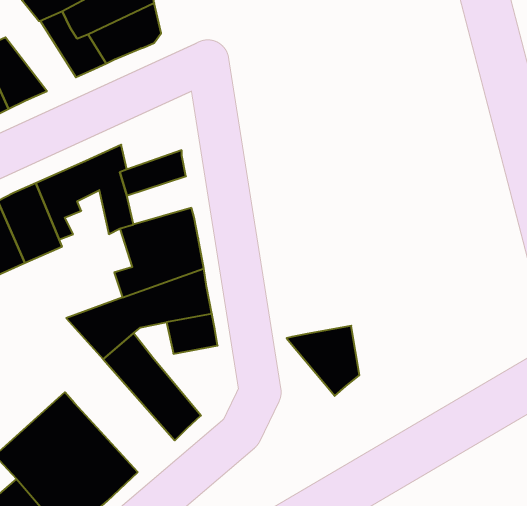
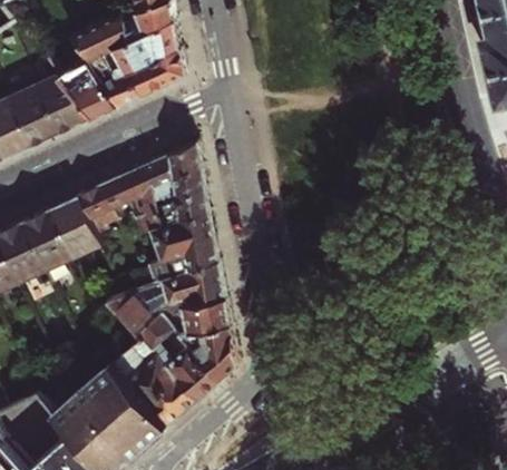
building: none -> [55,63,111,120]
building: none -> [148,144,197,184]
building: none -> [153,189,205,228]
building: [287,326,359,396] -> [174,326,233,383]
building: none -> [110,346,192,429]

